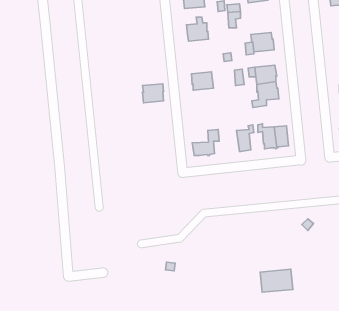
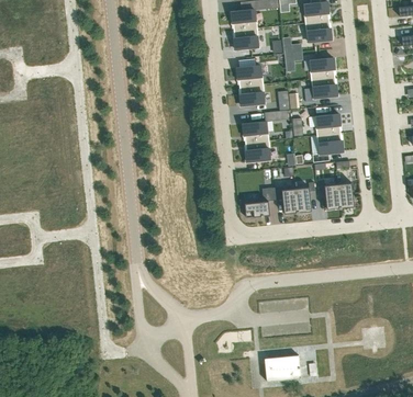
building: none -> [311,57,335,78]
building: none -> [241,83,265,105]
building: [143,84,164,103] -> [246,139,270,161]
building: none -> [275,185,299,213]
building: [260,269,293,292] -> [265,354,302,381]

